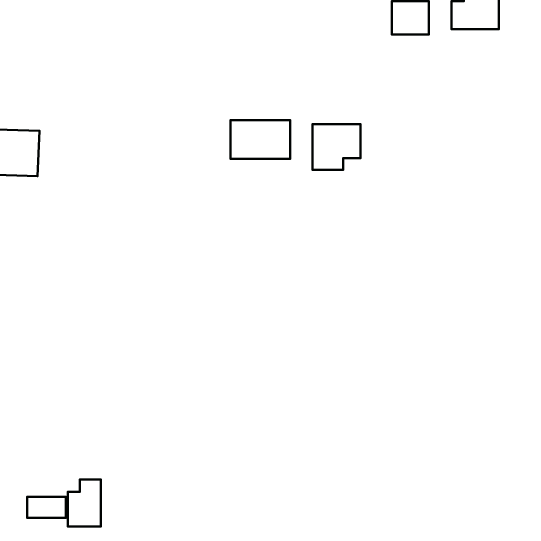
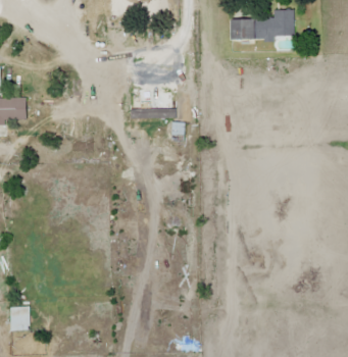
building: [313,124,360,170] -> none
building: [68,480,101,526] -> none

